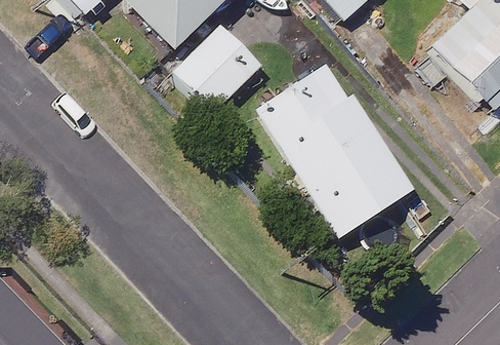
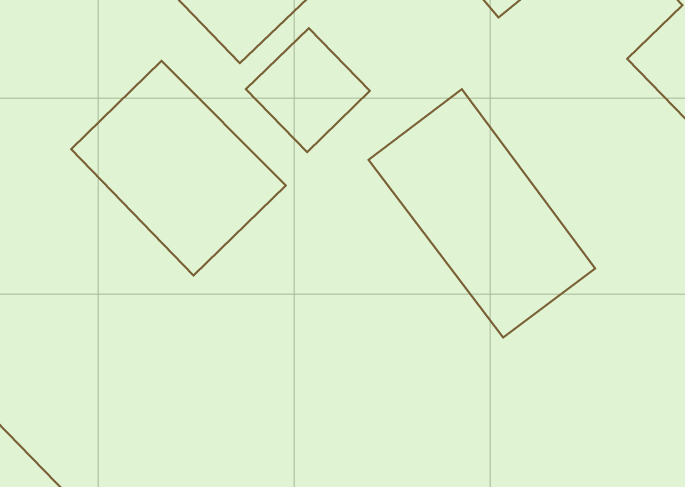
building: none -> [71,61,286,276]

